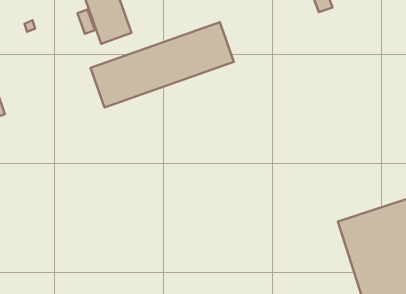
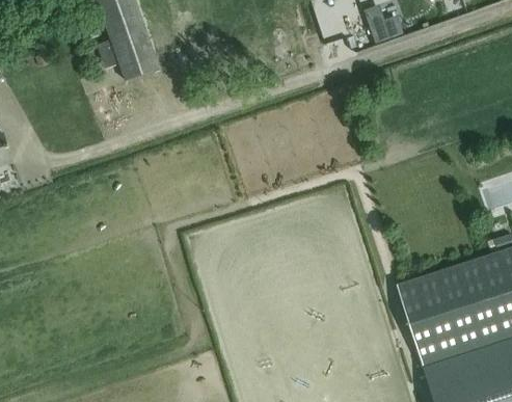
building: [90,22,234,108] -> none

